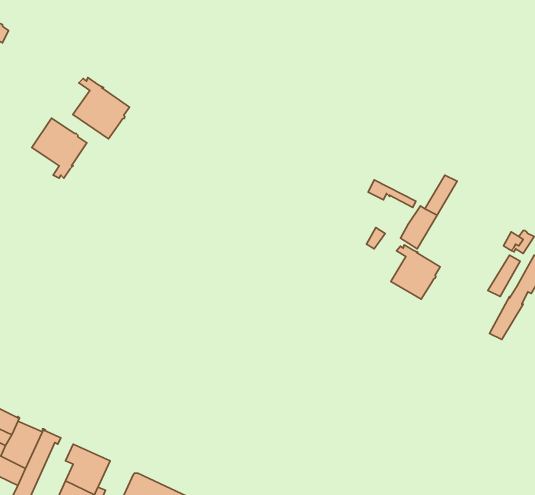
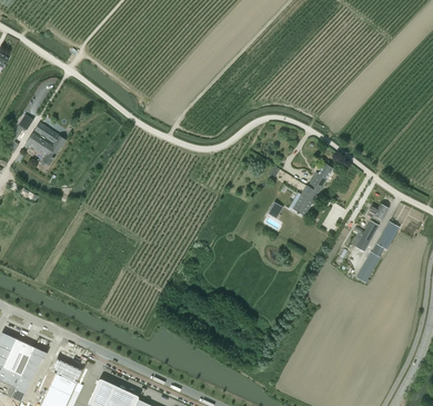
building: [73,78,130,139] -> none
building: [391,245,440,299] -> none

